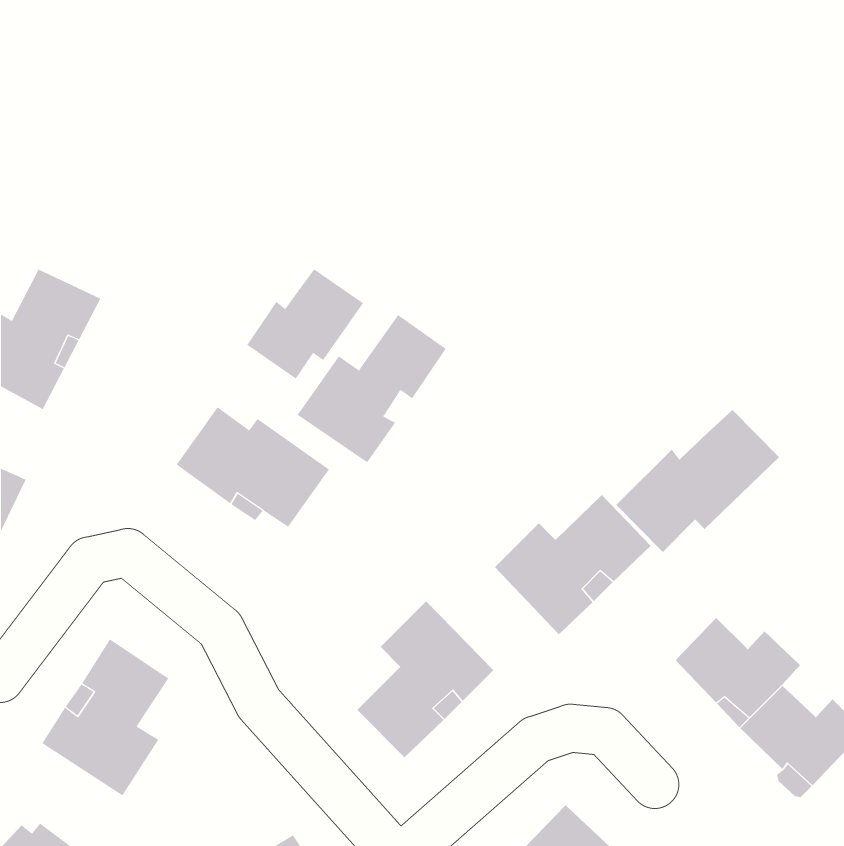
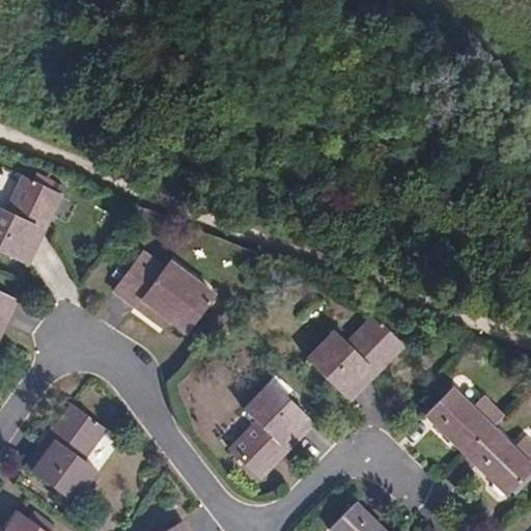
building: [246,268,364,380] -> none
building: [297,314,447,463] -> none
building: [616,409,780,553] -> none

